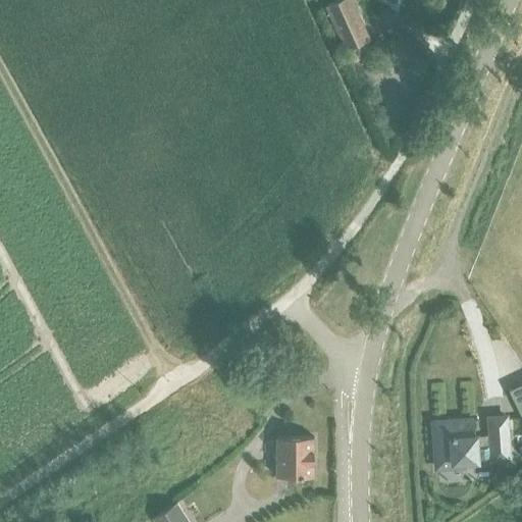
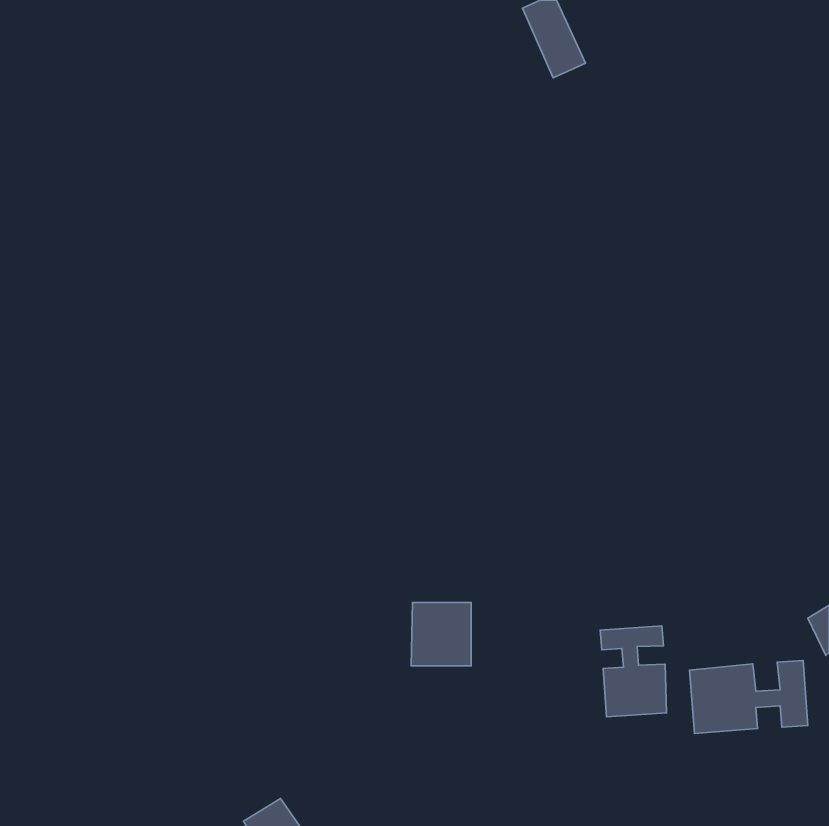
building: none -> [600,626,667,717]
building: [276,438,314,478] -> [411,603,471,666]

